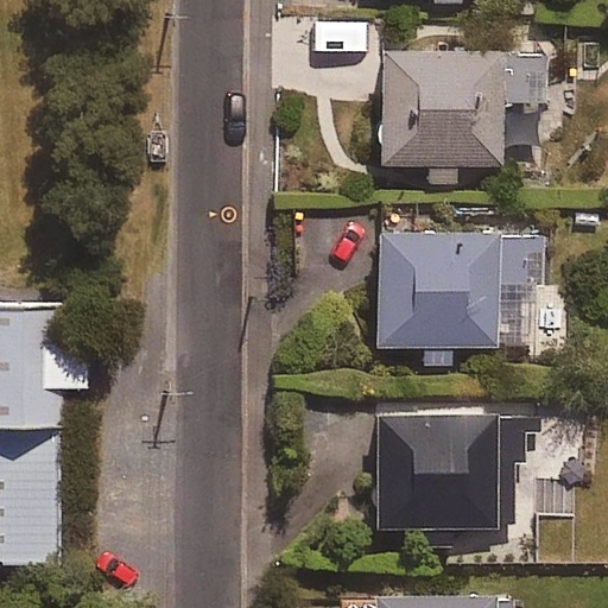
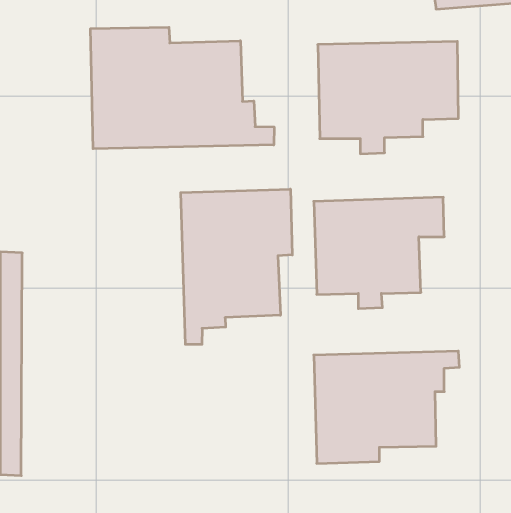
building: none -> [91,27,274,149]
building: none -> [181,189,292,344]

